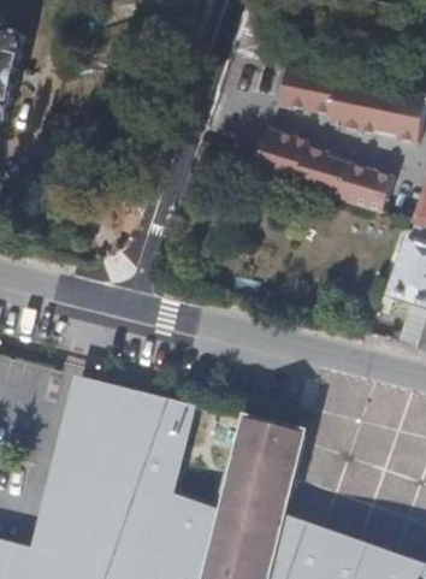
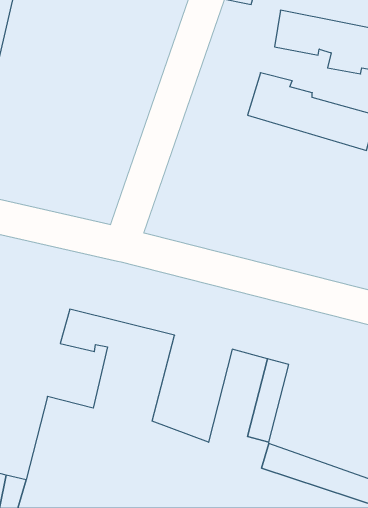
building: [55,409,117,475] -> none

